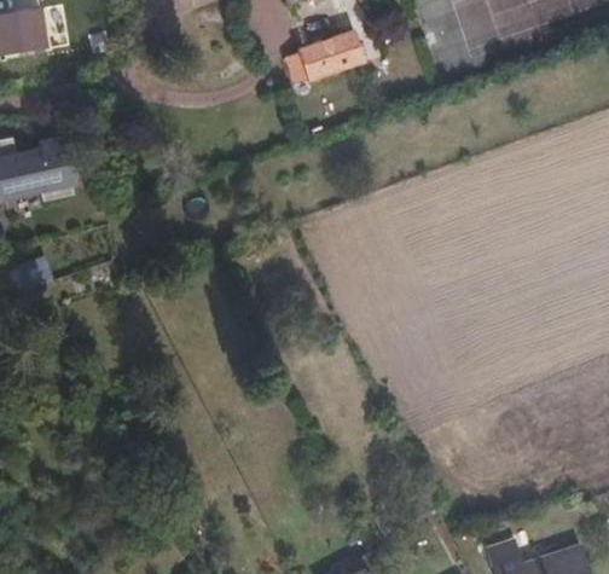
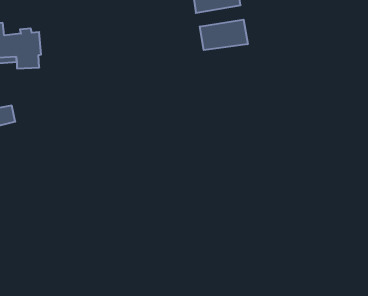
building: none -> [200,20,248,50]

